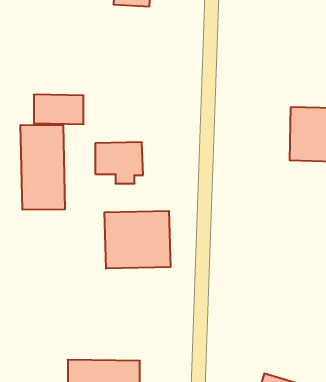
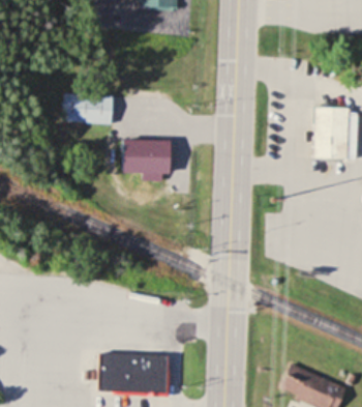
building: [20,125,65,210] -> none
building: [105,211,170,269] -> none

